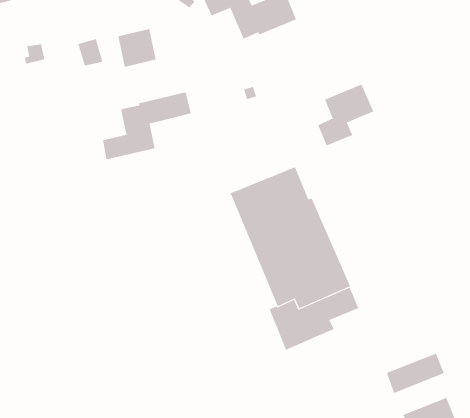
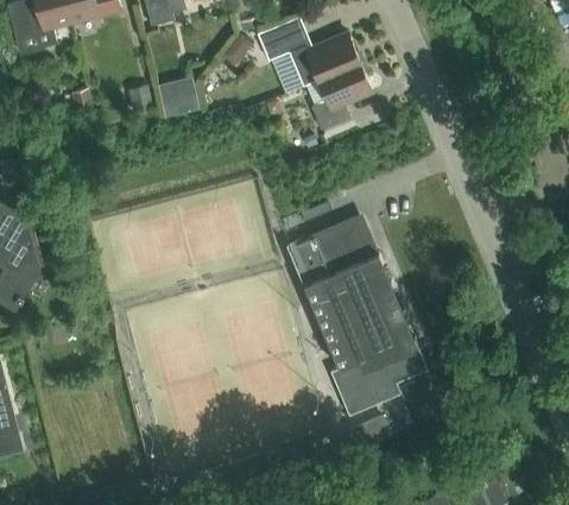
building: [317,84,374,146] -> [312,63,373,130]
building: [102,92,191,160] -> none
building: [386,353,445,394] -> none

